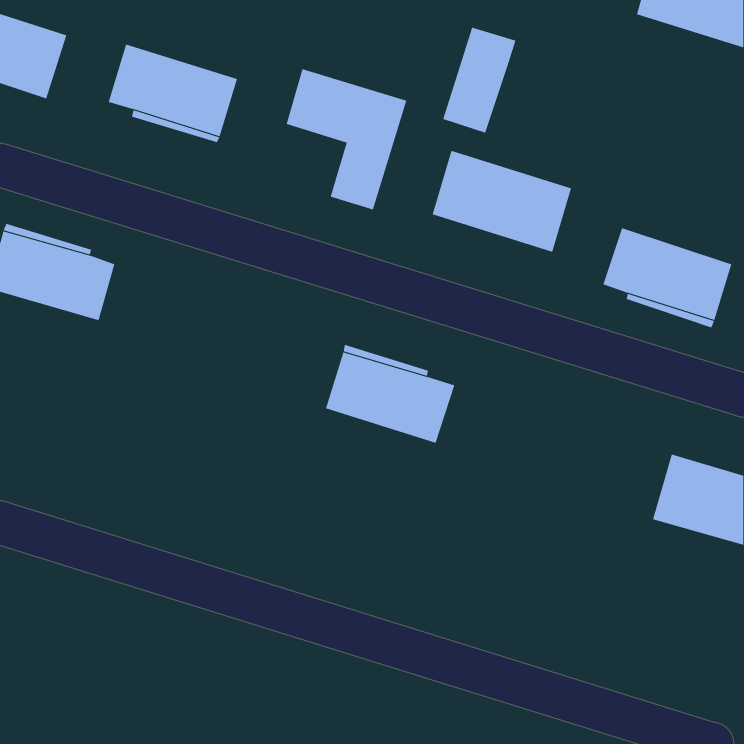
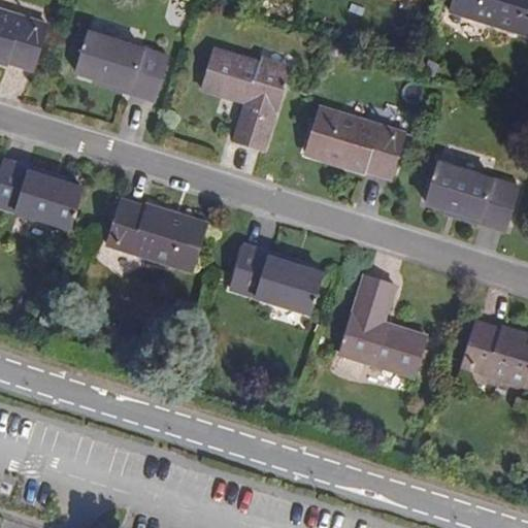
building: [443,27,516,133] -> none
building: none -> [106,199,206,271]
building: none -> [339,274,426,376]

